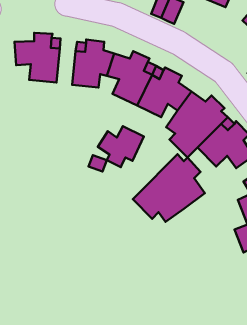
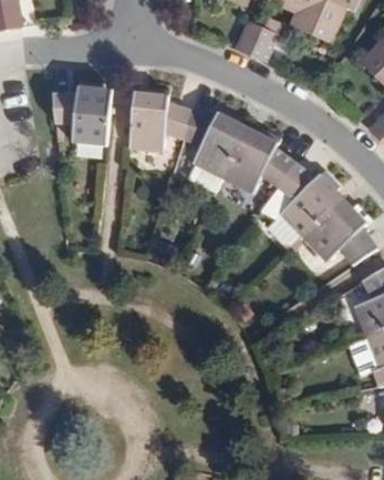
building: [98,126,144,167] -> none
building: [133,154,205,222] -> none

